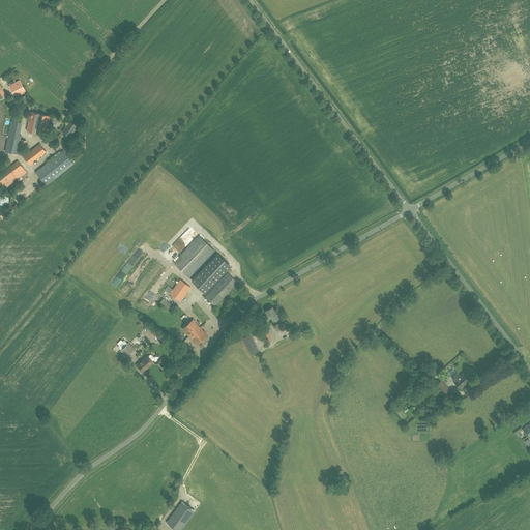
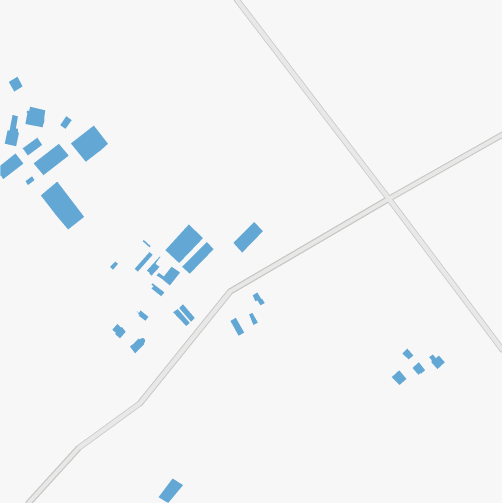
building: none -> [70,125,109,163]
building: none -> [40,181,85,231]
building: [204,272,237,306] -> [232,221,264,254]

